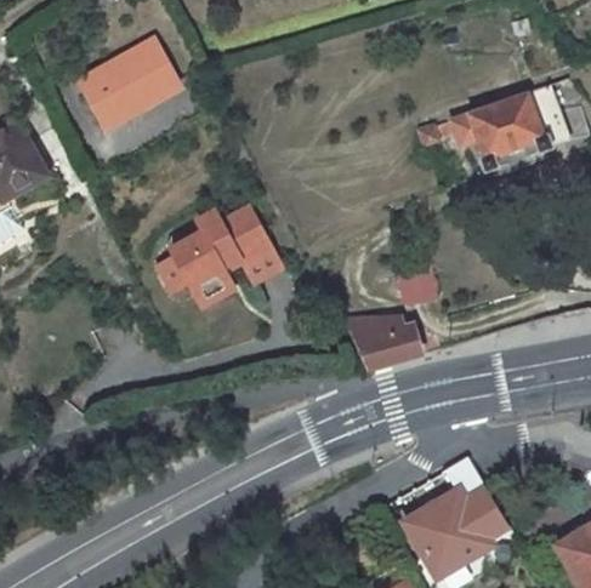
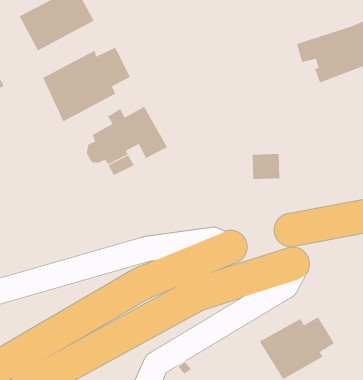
building: none -> [43,47,131,122]
building: [342,318,415,370] -> none

